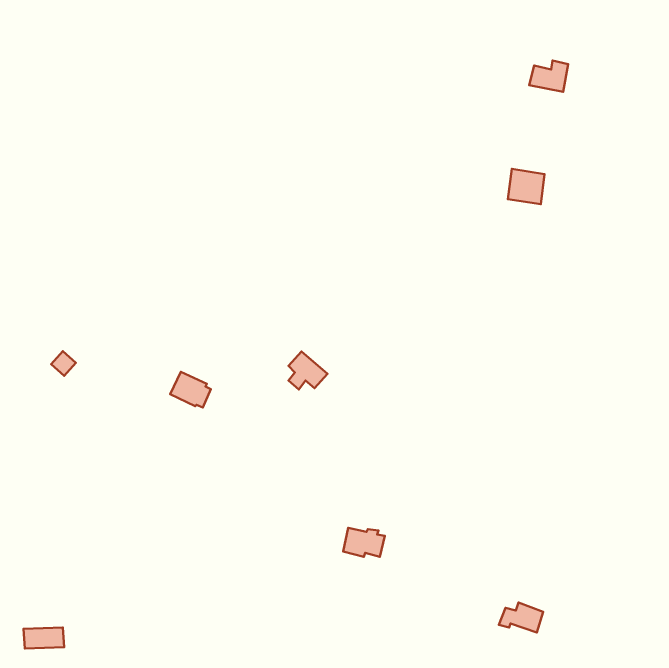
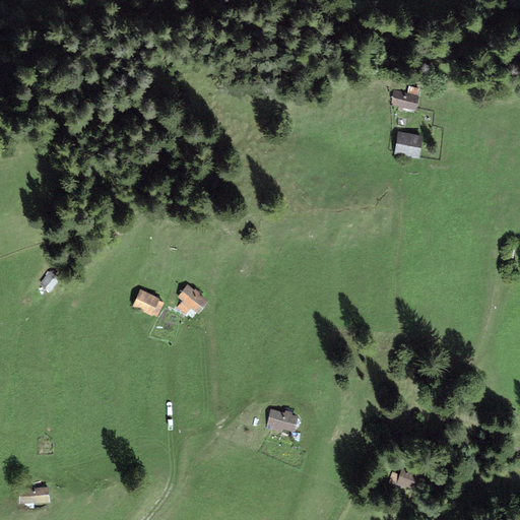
building: [529,60,568,92] -> [390,85,420,110]
building: [288,352,328,390] -> [178,284,208,314]

